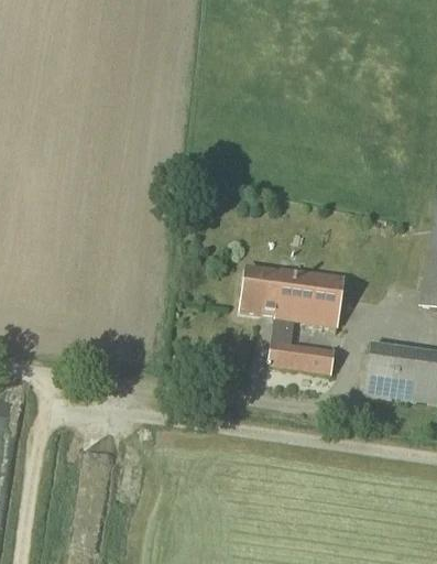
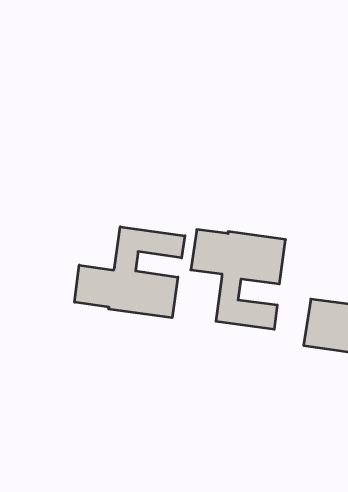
building: none -> [75,227,185,318]

